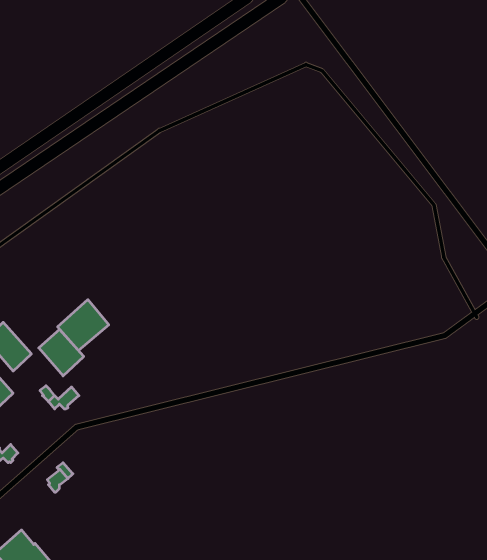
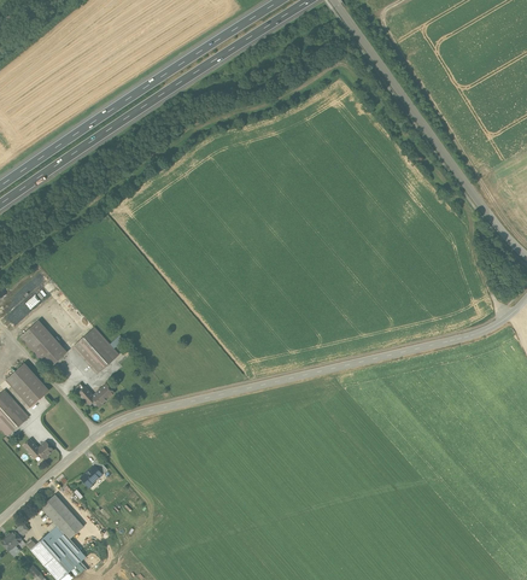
building: [58,300,109,351] -> none
building: none -> [41,496,83,540]

